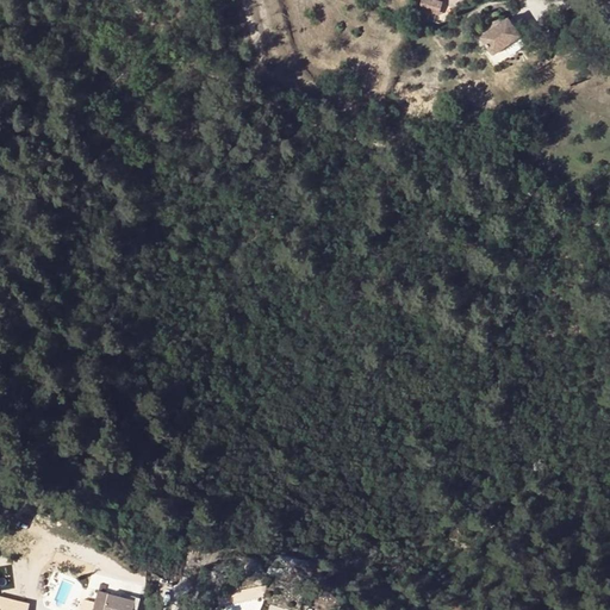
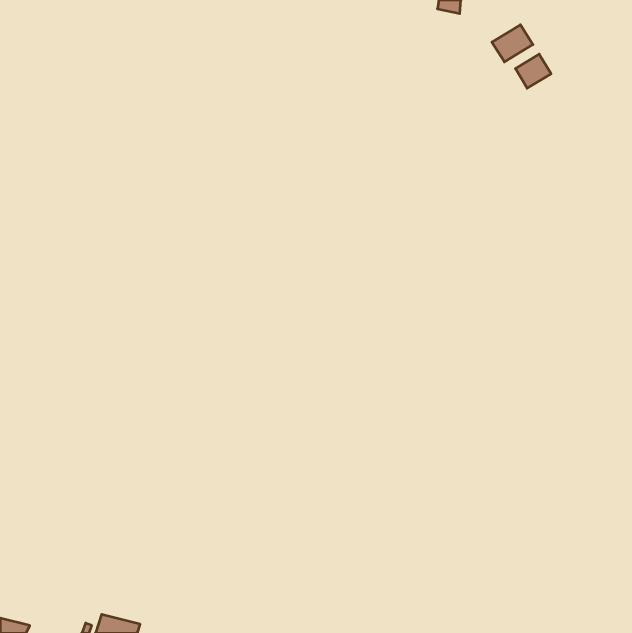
building: none -> [515,54,551,88]

